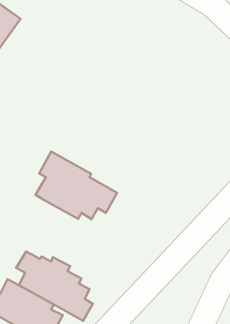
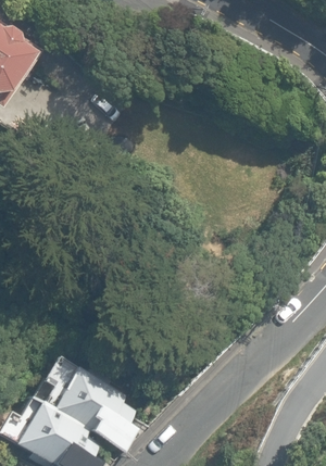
building: [36,152,117,219] -> none

